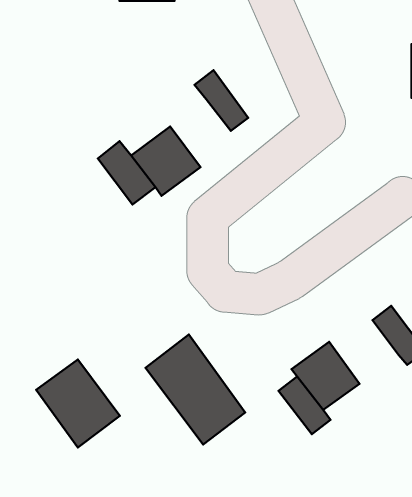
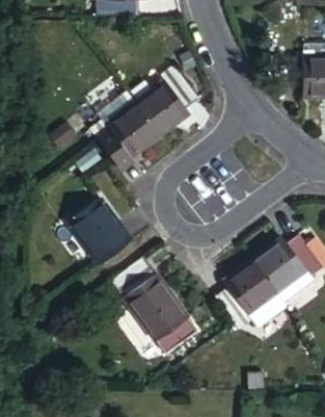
building: none -> [135,92,183,140]
building: none -> [249,245,299,296]
building: [36,359,120,448] -> [74,205,134,268]

